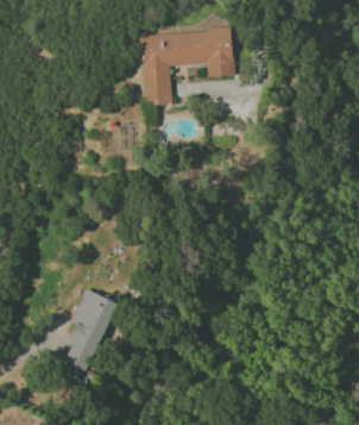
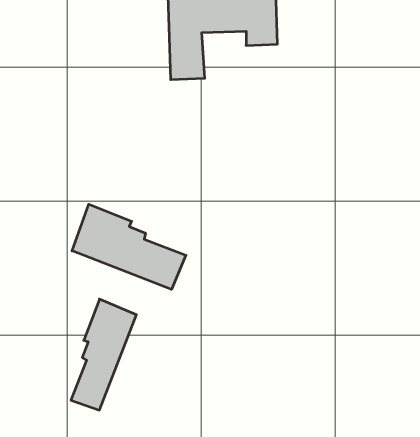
building: none -> [72,204,186,289]

